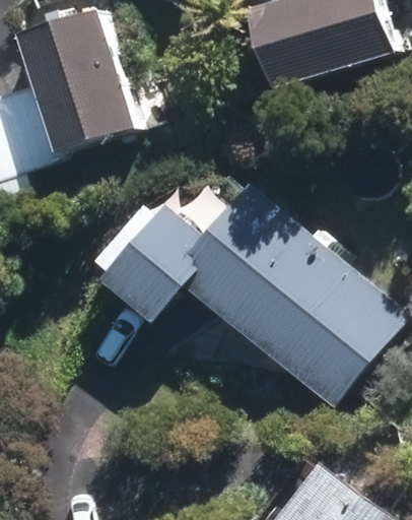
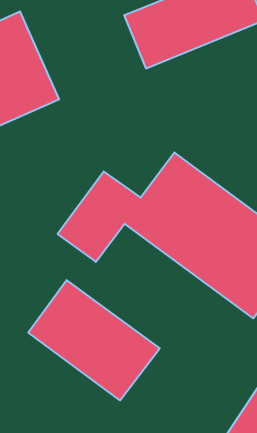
building: none -> [28,280,160,400]

